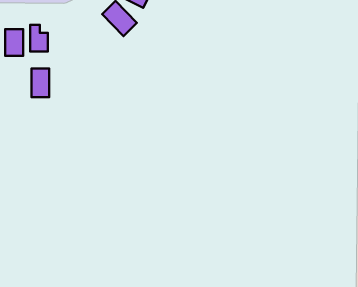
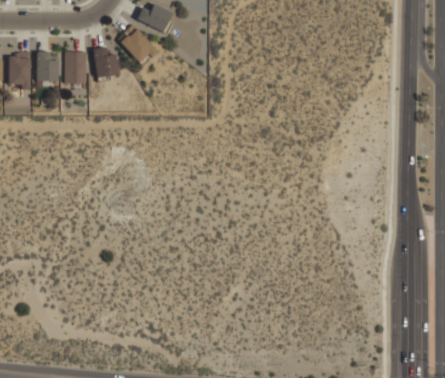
building: none -> [95,47,119,77]
building: [31,69,49,97] -> [66,52,86,84]

